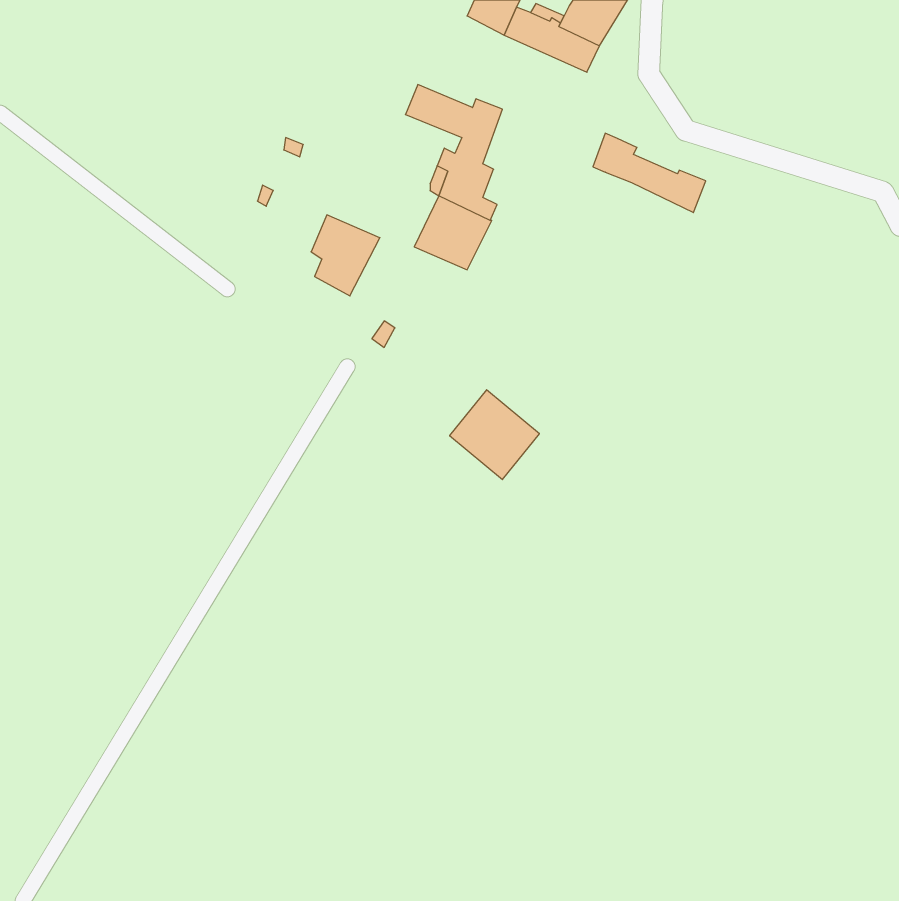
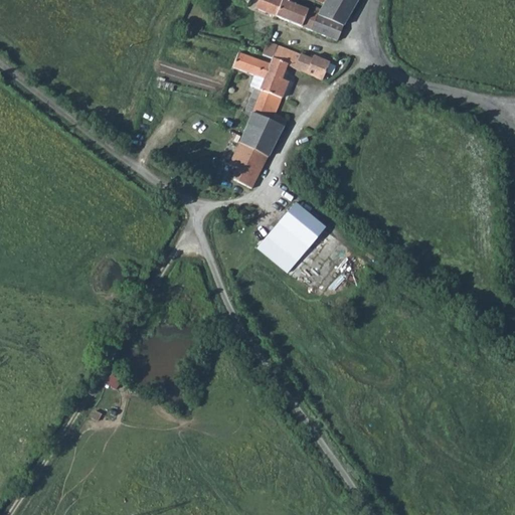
building: [593,133,706,213] -> [266,34,330,79]
building: [311,215,380,296] -> [228,141,268,187]
building: none -> [279,203,326,247]

